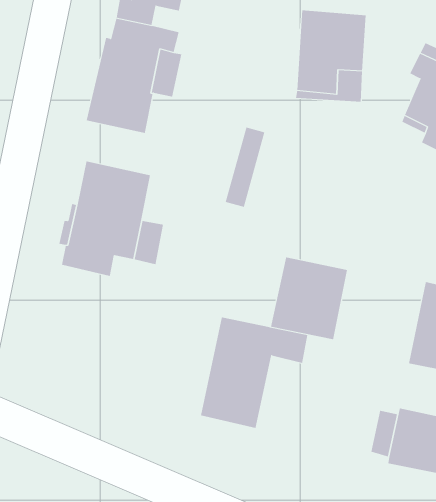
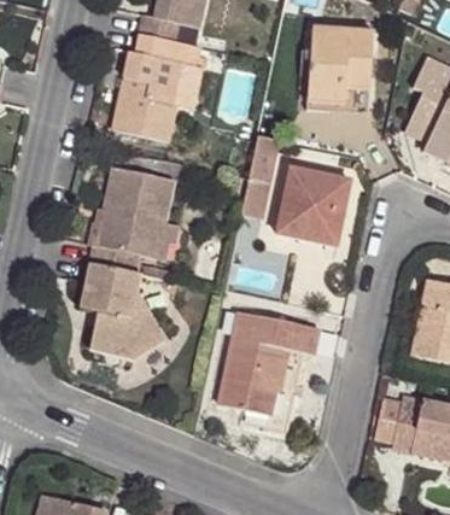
building: [270,257,348,340] -> [276,168,349,245]
building: none -> [80,263,166,359]

